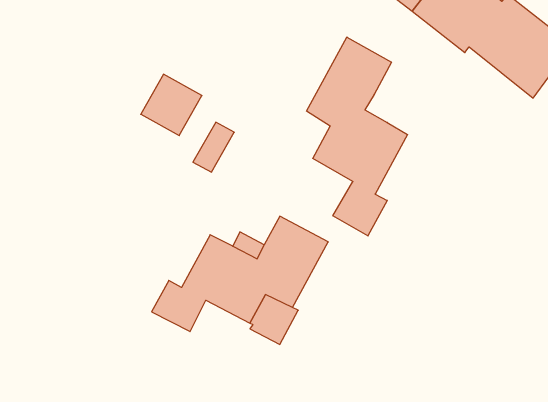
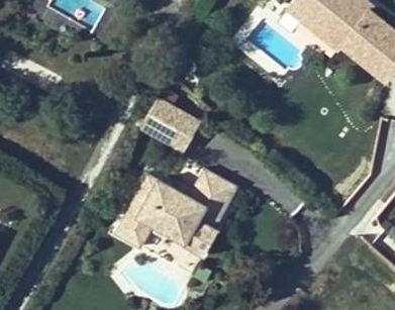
building: [307,37,408,236] -> none
building: [141,74,202,136] -> [155,106,198,149]

